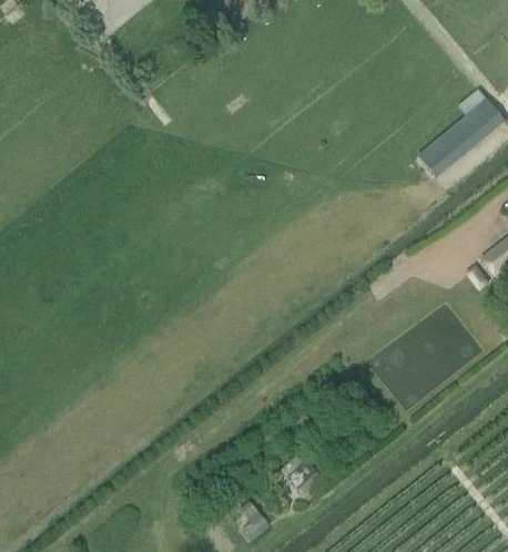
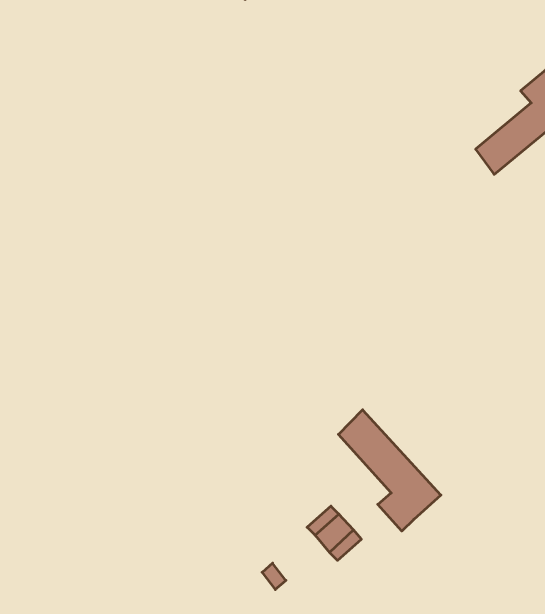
building: none -> [338,410,441,531]

